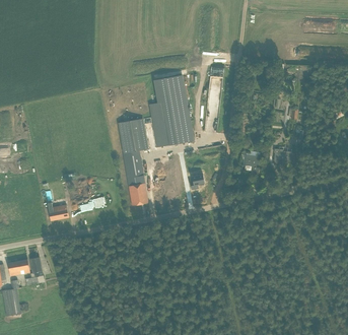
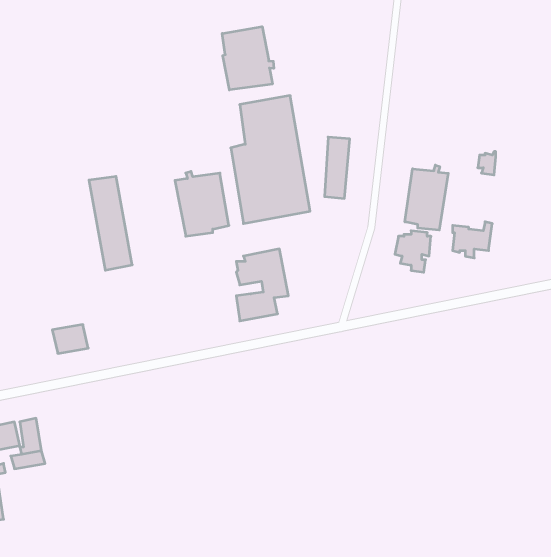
building: none -> [222,27,274,90]
building: none -> [405,165,448,230]
building: [123,151,147,204] -> [89,176,132,270]

